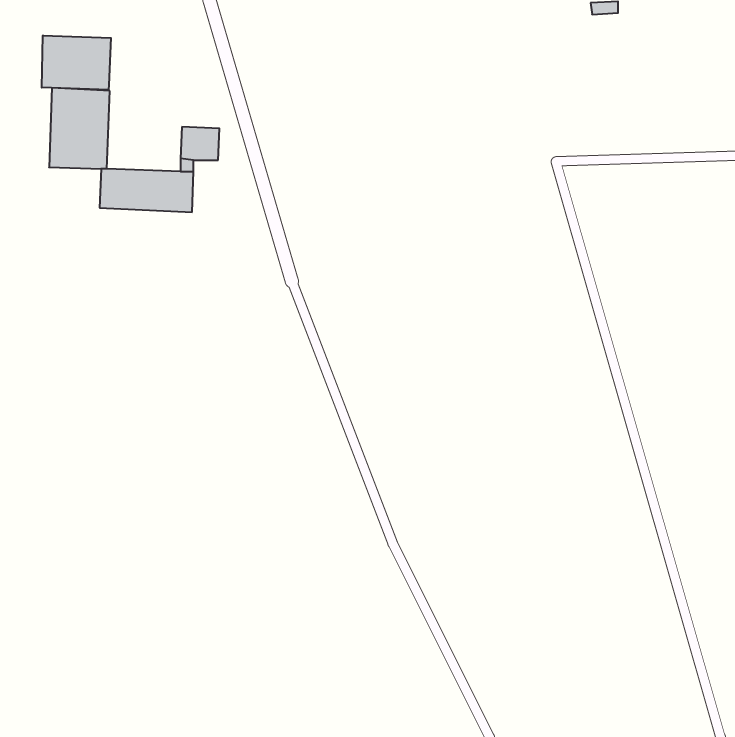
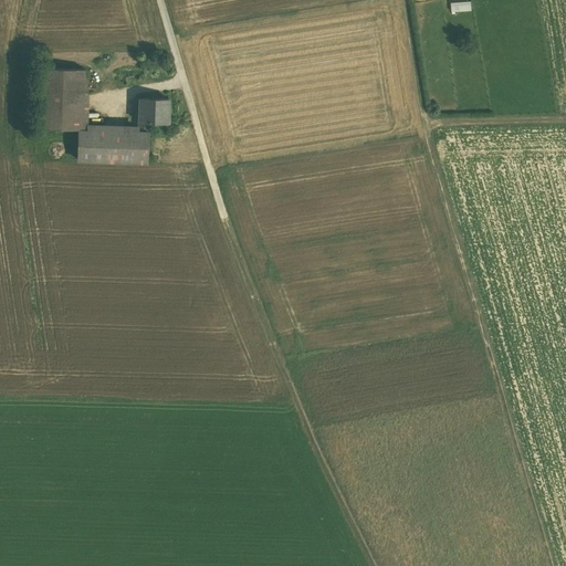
building: [42,35,111,90] -> none

